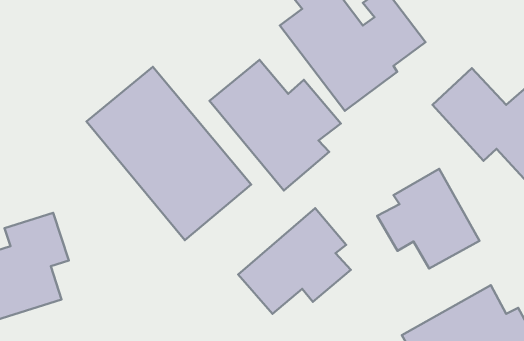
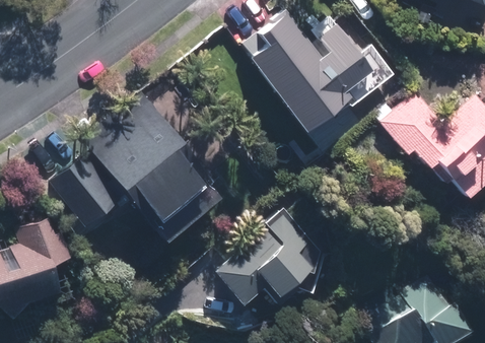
building: [209,60,341,190] -> none
building: none -> [49,154,122,227]
building: [377,169,480,269] -> none

